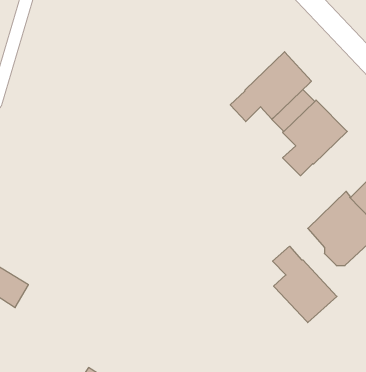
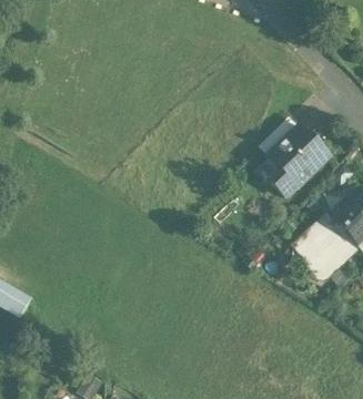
building: [230,52,311,122] -> none
building: [273,246,337,323] -> none

